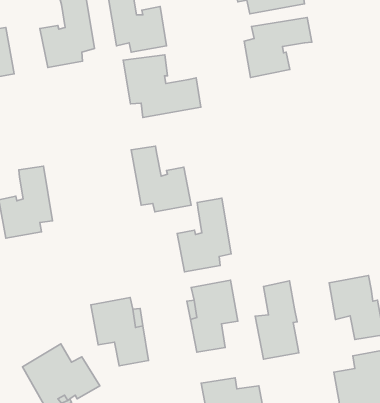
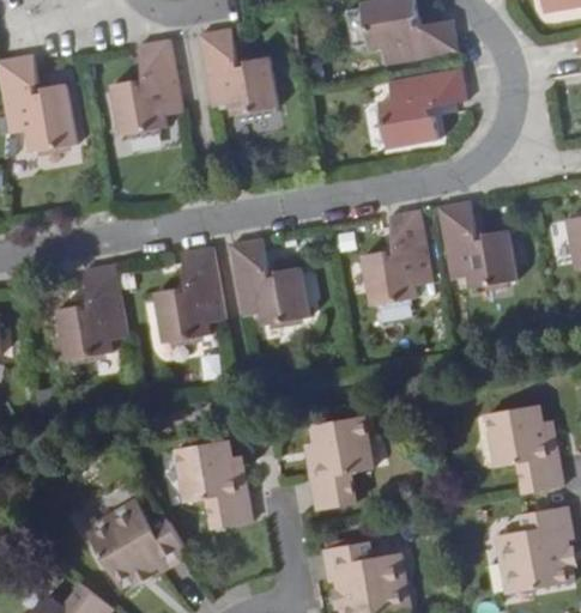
building: [123,55,201,118] -> none
building: none -> [438,200,516,289]
building: none -> [155,245,225,341]
building: [177,198,231,272] -> [362,208,432,305]
building: [255,281,299,359] -> none

